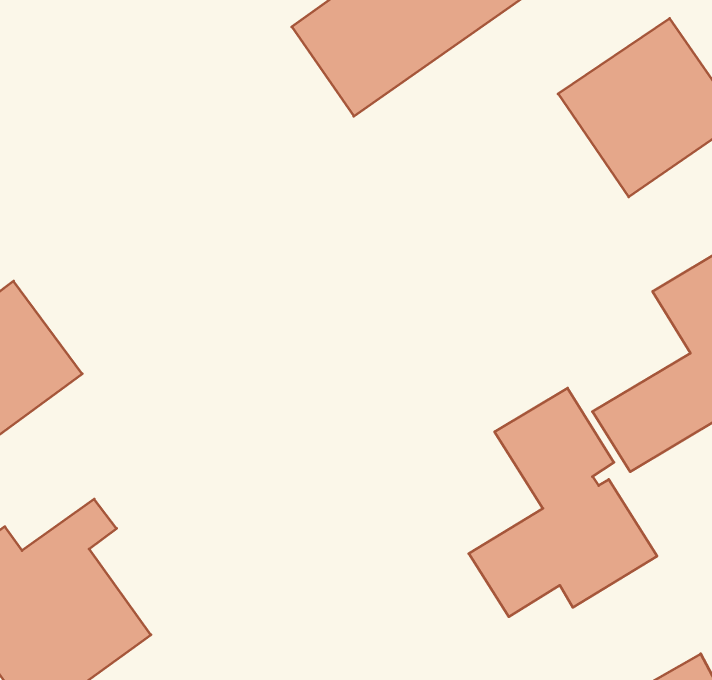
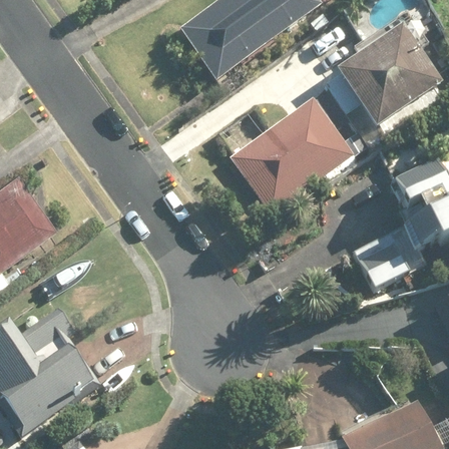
building: none -> [230,93,355,210]
building: [469,388,657,617] -> none

